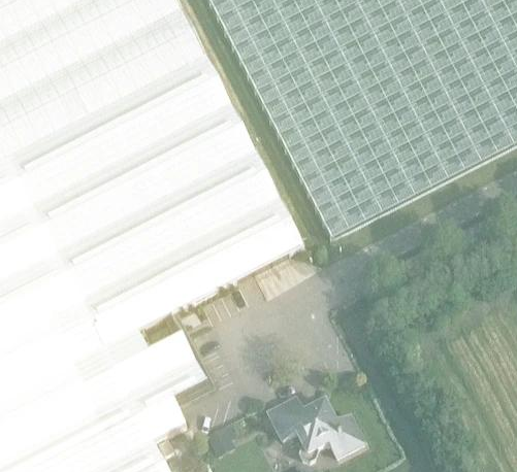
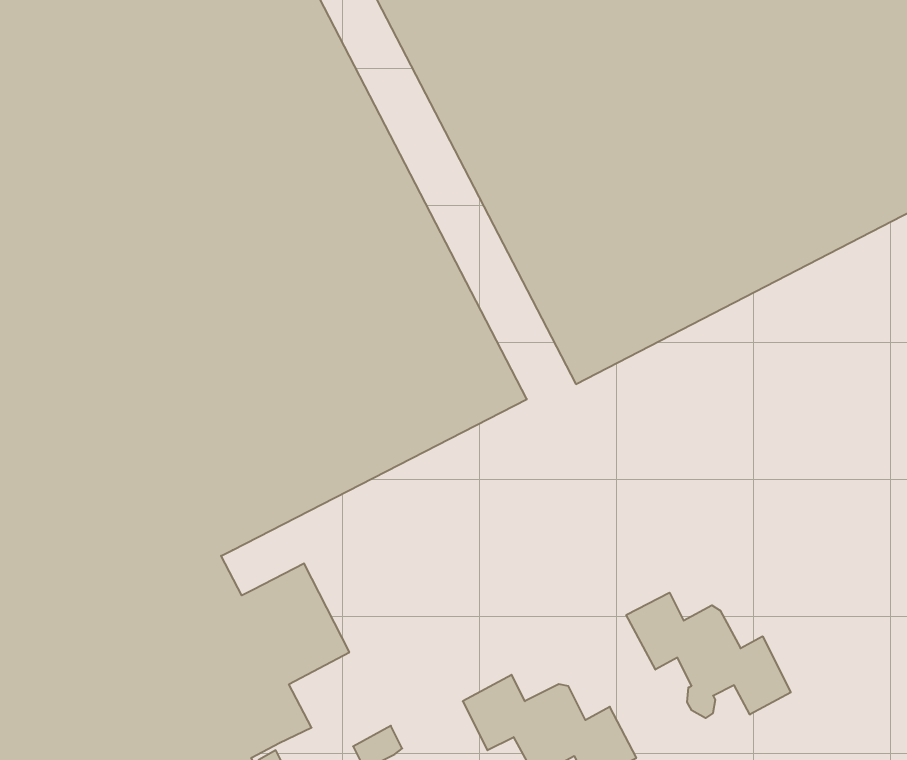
building: none -> [626,593,791,718]

